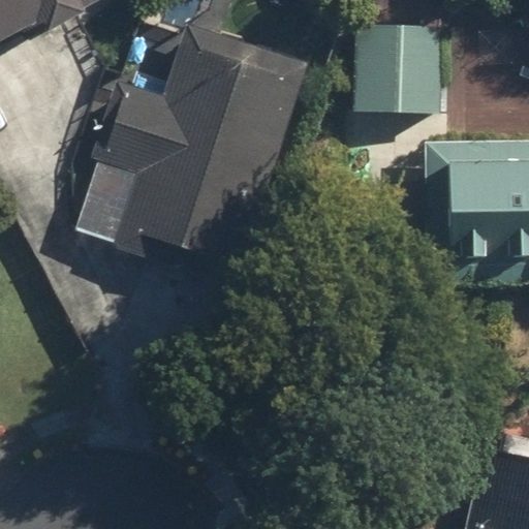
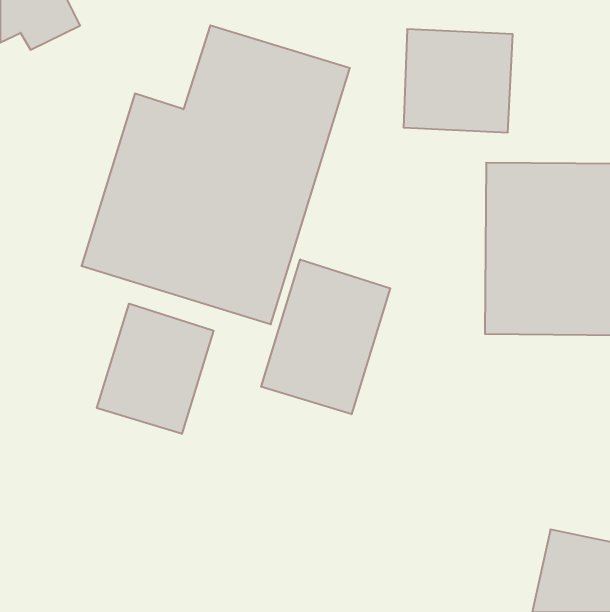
building: none -> [261,259,390,414]
building: none -> [97,304,214,434]

